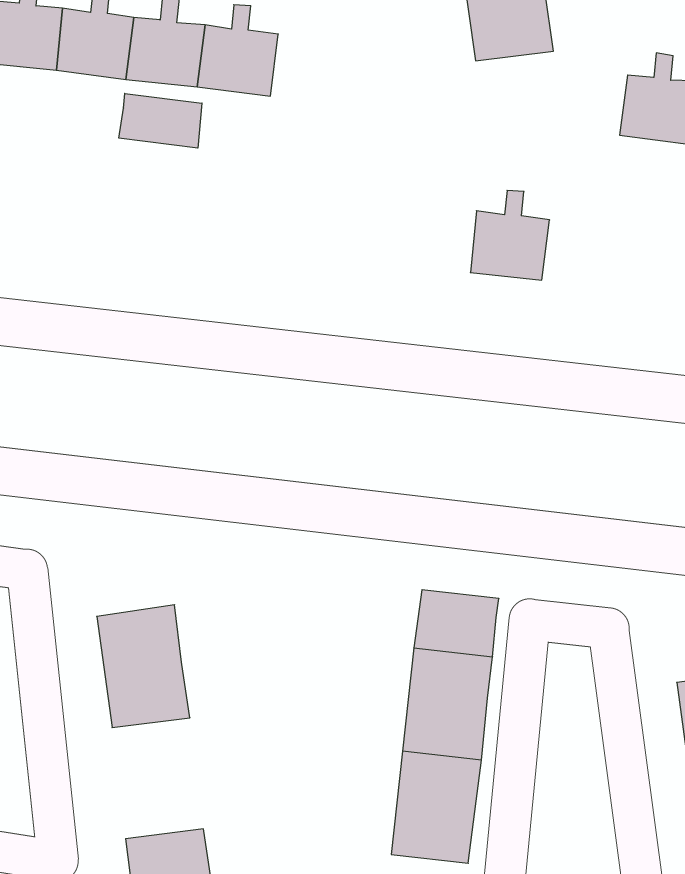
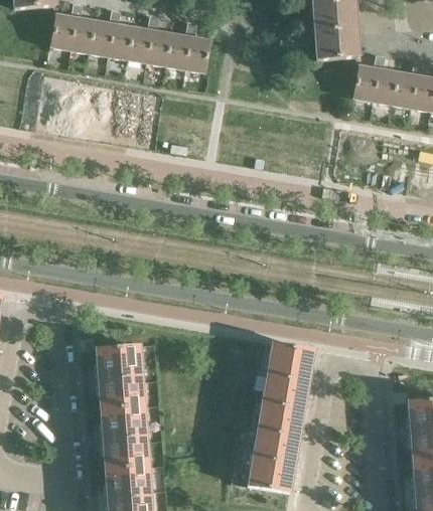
building: [119,93,202,148] -> none
building: [470,190,550,280] -> [353,54,398,104]
building: none -> [101,405,147,469]

